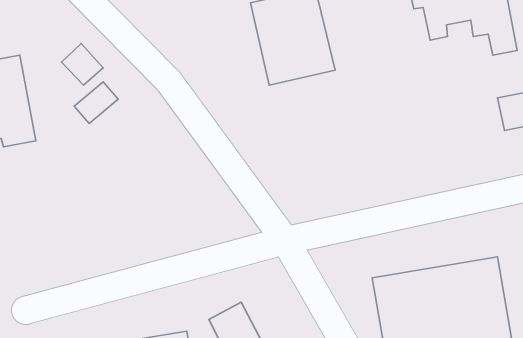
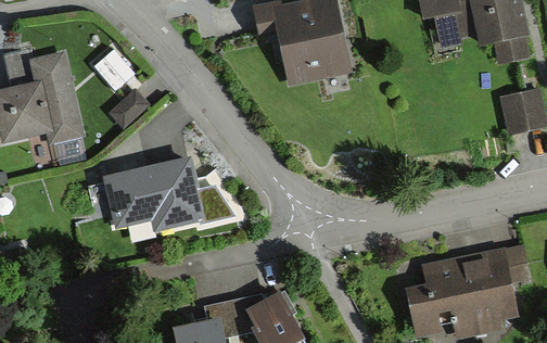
building: none -> [104,164,194,228]

